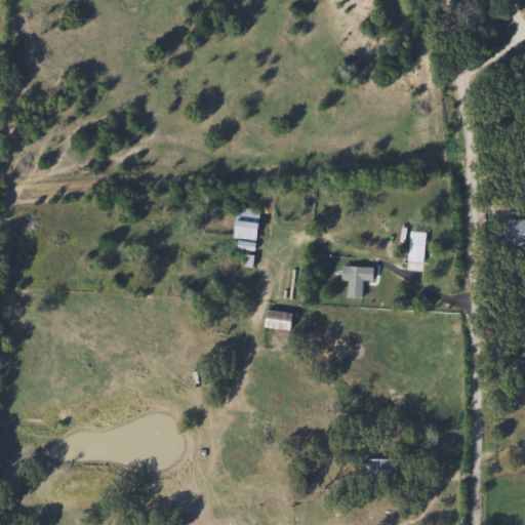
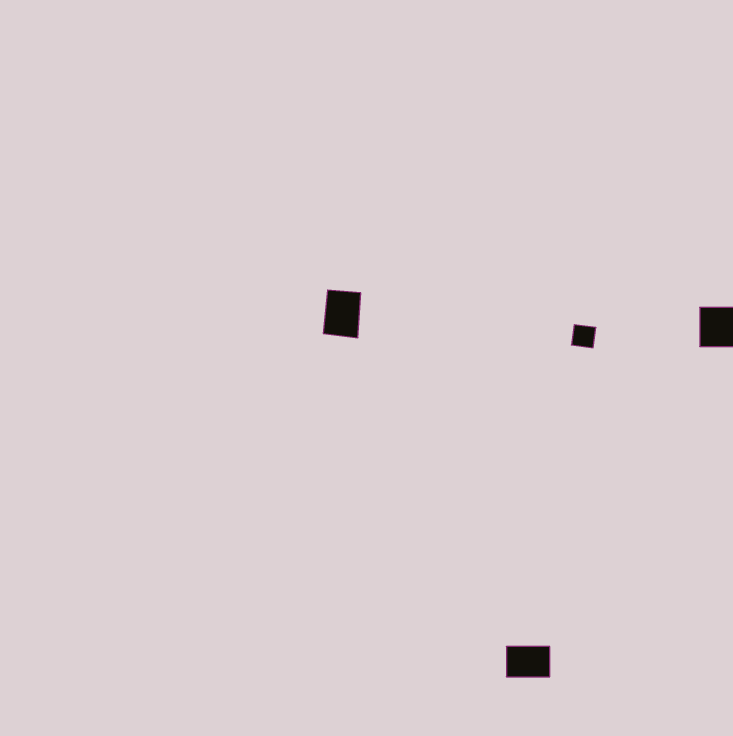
building: [341,266,374,298] -> none
building: [262,309,293,332] -> none

